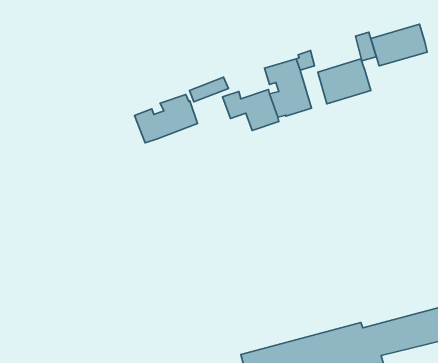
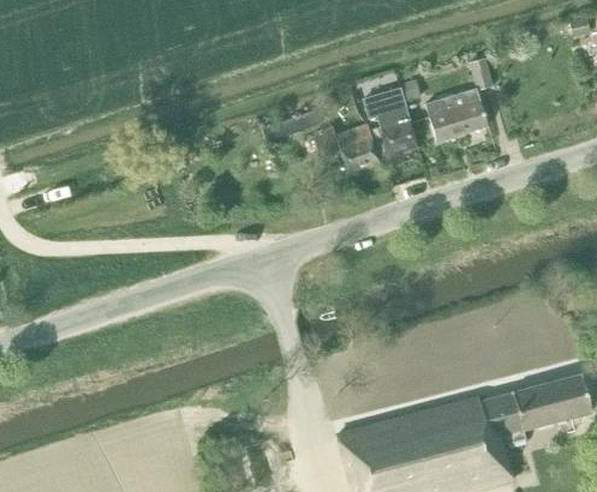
building: [371,24,427,66] -> none
building: [134,95,198,143] -> none

